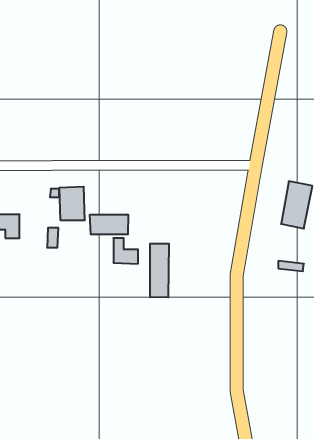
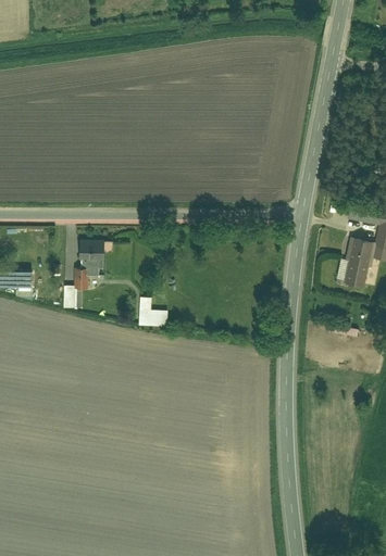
building: [90,215,128,234] -> none
building: [150,244,169,297] -> none

